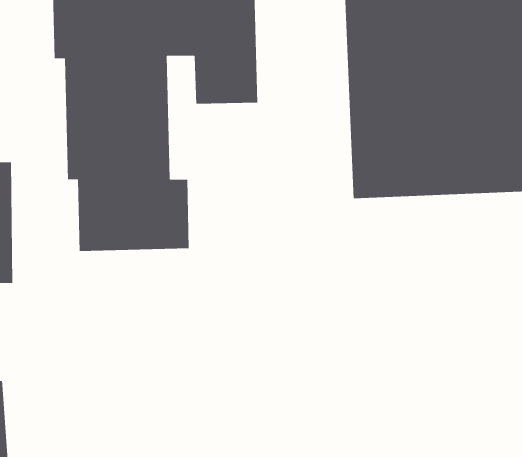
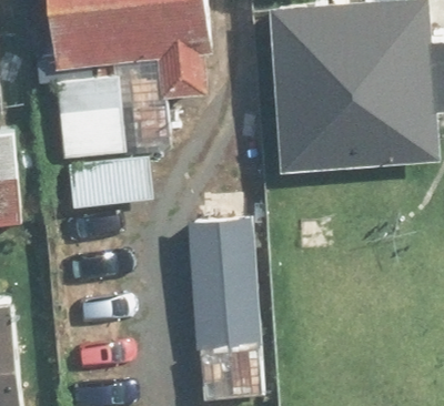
building: none -> [189,223,254,339]

